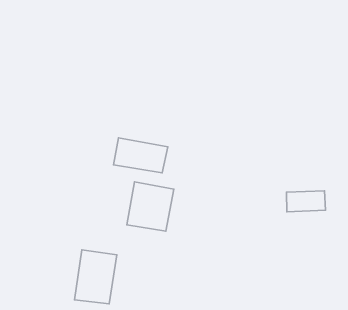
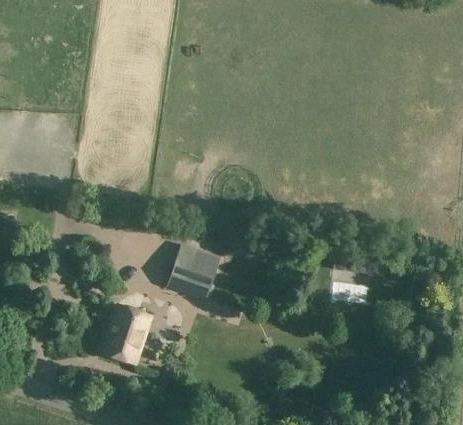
building: [114,138,168,173] -> none

